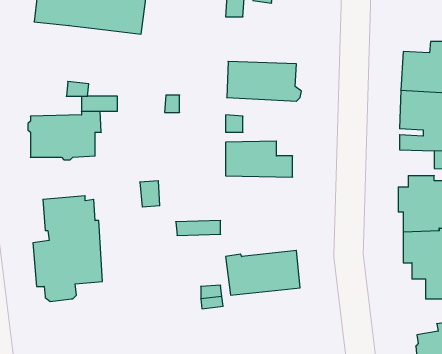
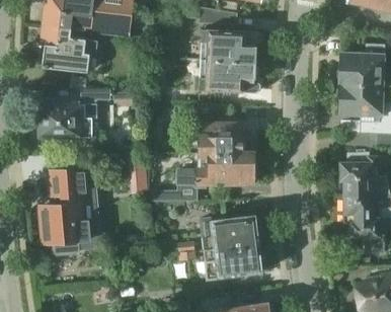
building: none -> [38,27,97,72]
building: none -> [201,29,262,62]
building: none -> [177,153,253,187]
building: none -> [203,244,262,279]

